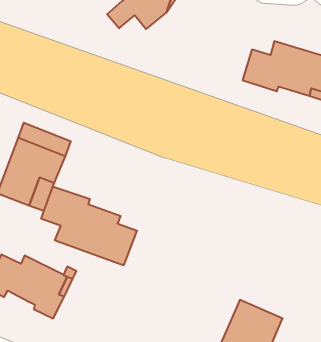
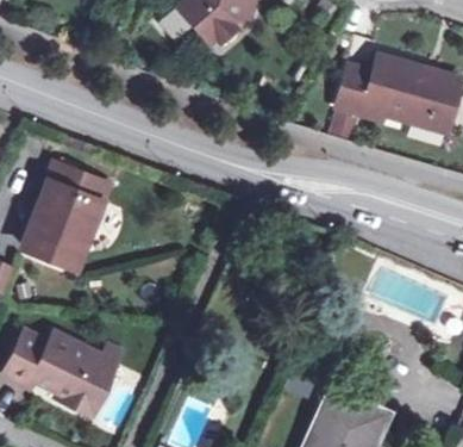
building: [41,186,137,265] -> none

